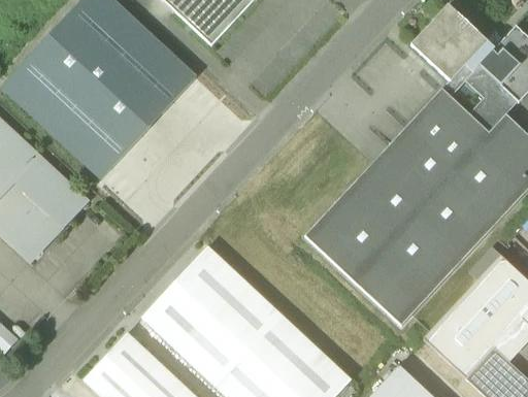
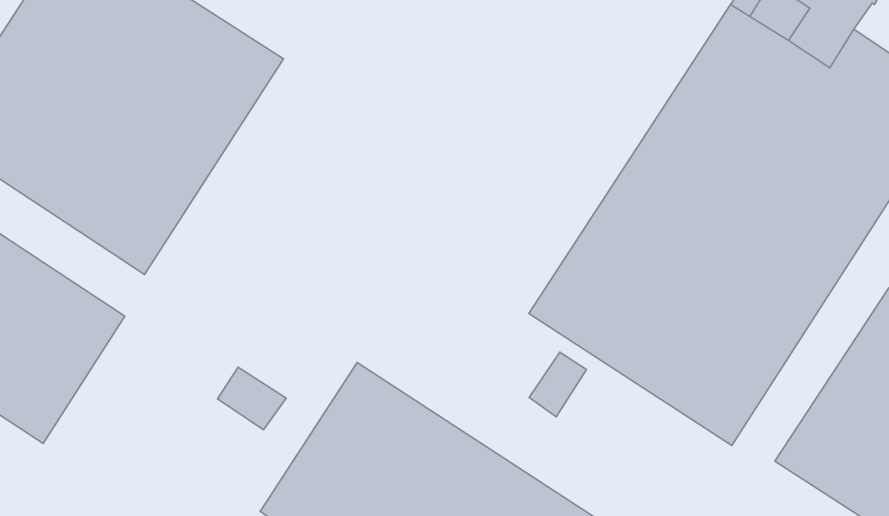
building: none -> [218,367,286,430]
building: none -> [529,352,587,417]

